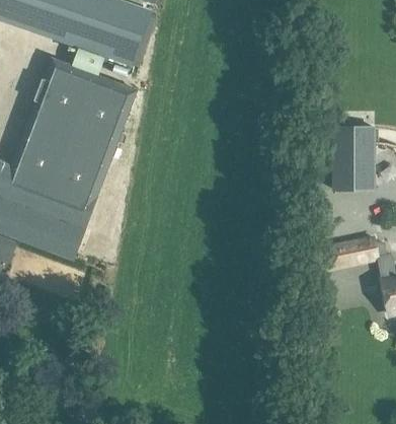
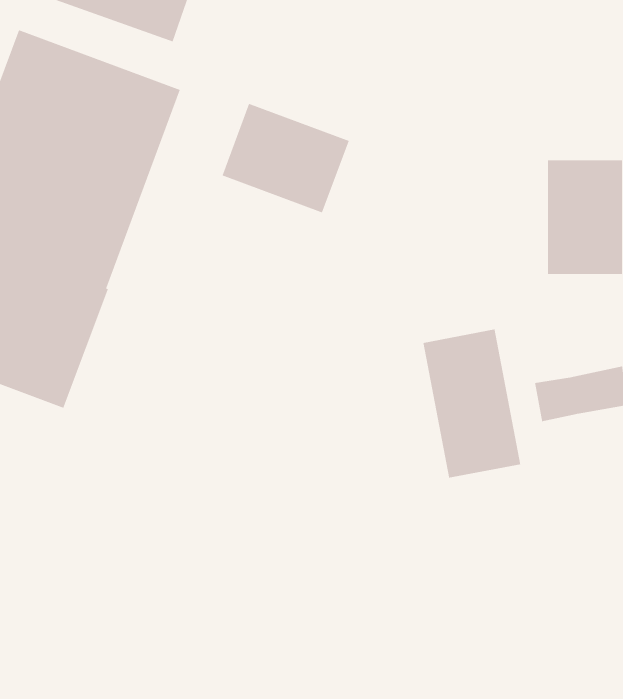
building: none -> [221,103,350,214]
building: none -> [422,328,521,479]

